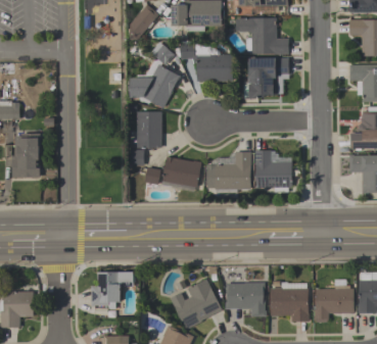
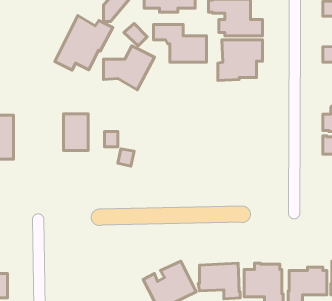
building: none -> [55,16,113,70]
building: [137,111,161,148] -> [64,114,88,151]
building: [255,150,292,193] -> none
building: [206,152,251,193] -> none
building: [162,157,201,187] -> none
building: [91,273,134,309] -> none

